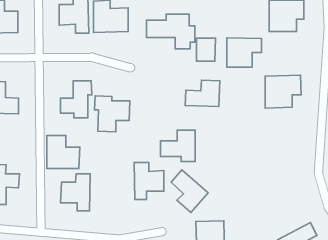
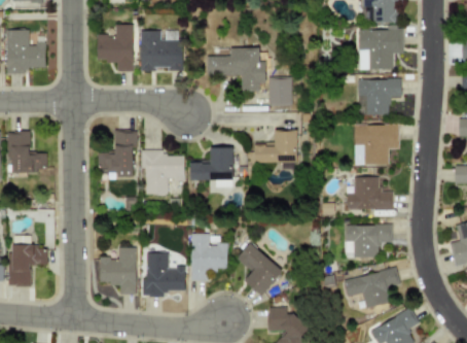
building: [227,38,261,67] -> [358,78,401,115]
building: none -> [347,176,392,209]
building: [161,130,195,161] -> [190,147,233,186]
building: [47,136,80,168] -> [144,252,185,294]
building: none -> [345,225,392,258]
building: none -> [343,268,399,308]

